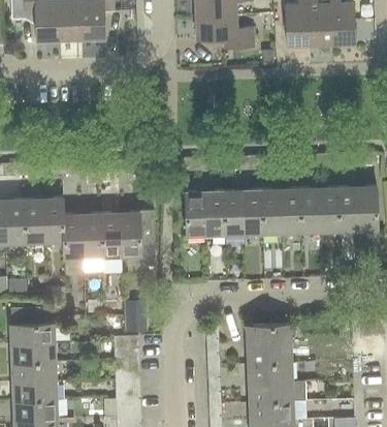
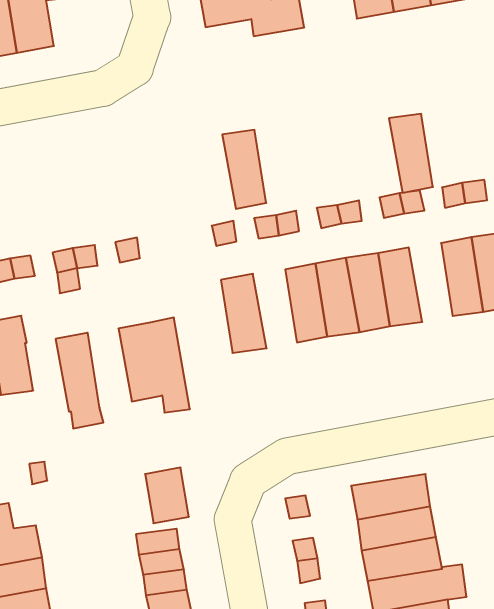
building: [299,188,320,234] -> [389,114,433,193]
building: [204,191,225,237] -> [222,130,266,209]
building: [101,213,122,258] -> none
building: [63,214,84,260] -> none

